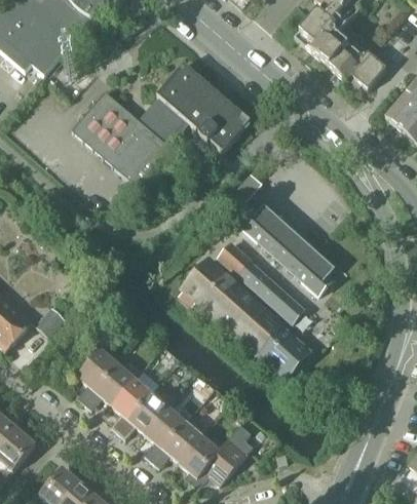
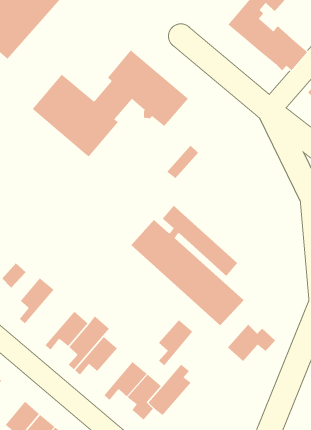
building: [239,205,335,295] -> none
building: [77,349,118,402] -> [19,277,55,324]
building: none -> [227,324,276,362]
building: [145,406,185,460] -> [158,319,193,366]

